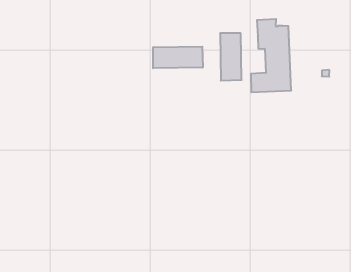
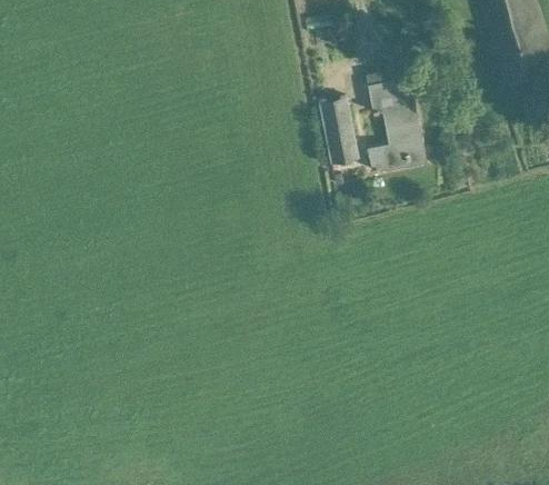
building: [153,47,203,68] -> none

